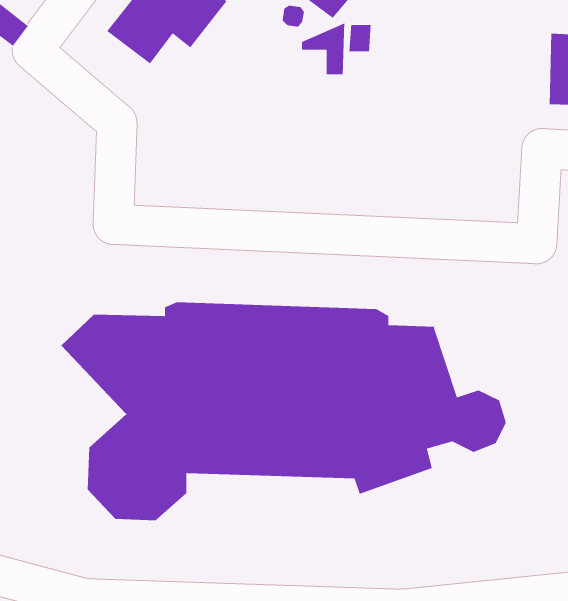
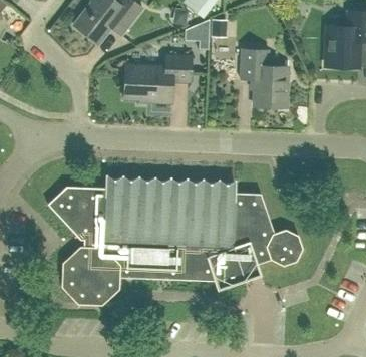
building: none -> [240,49,288,107]
building: none -> [124,55,192,103]

